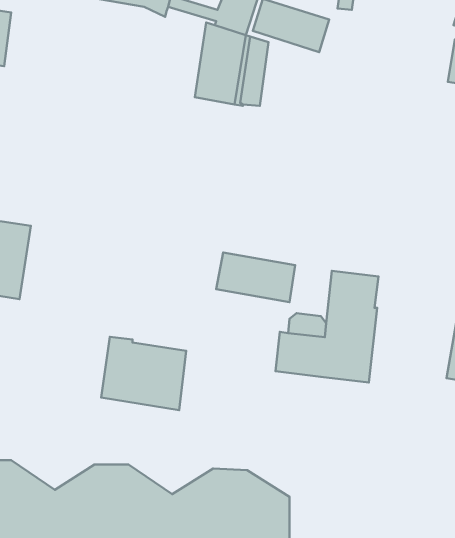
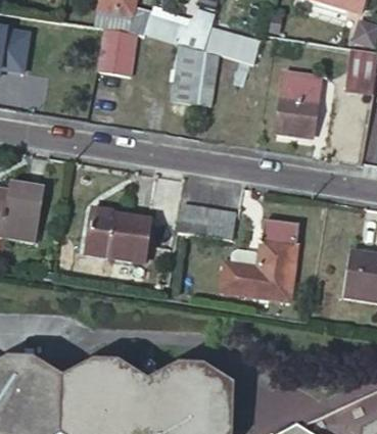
building: none -> [98,28,137,76]
building: none -> [273,66,315,139]
building: [101,337,186,410] -> [89,207,150,260]

